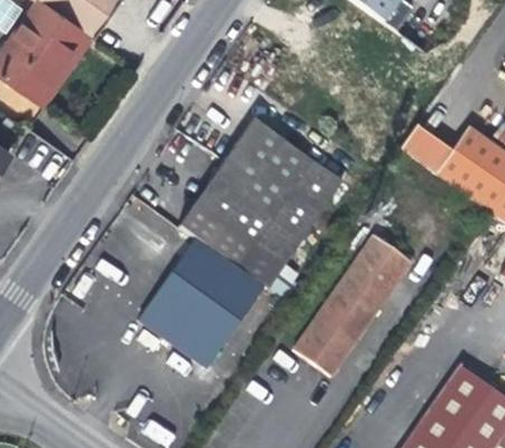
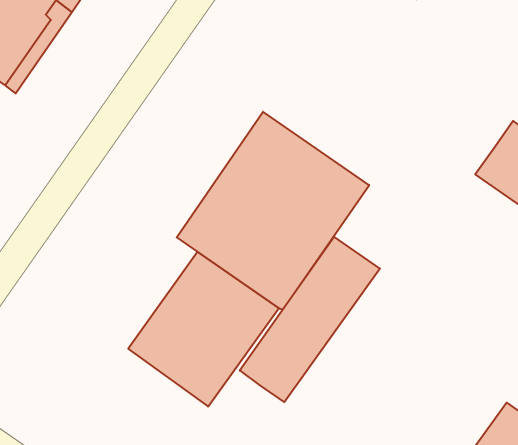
building: [400,125,450,173] -> none
building: [294,237,413,378] -> [240,237,380,402]

